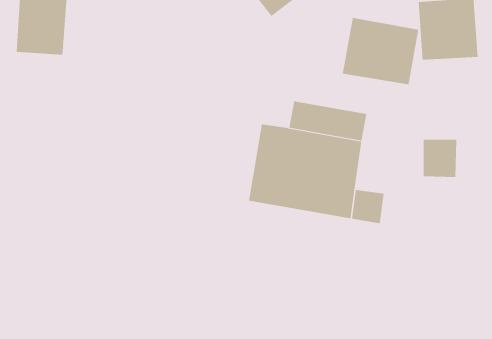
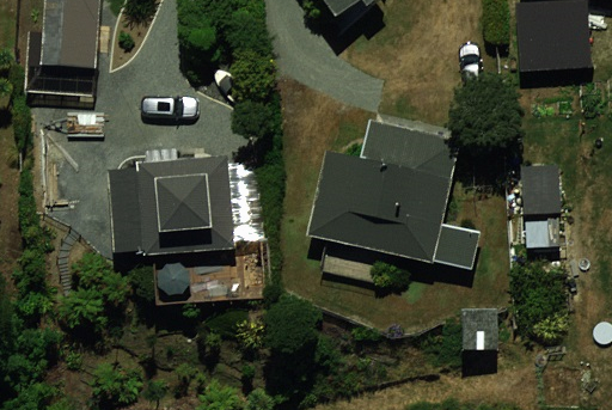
building: [342,17,419,85] -> none
building: none -> [114,149,232,268]

